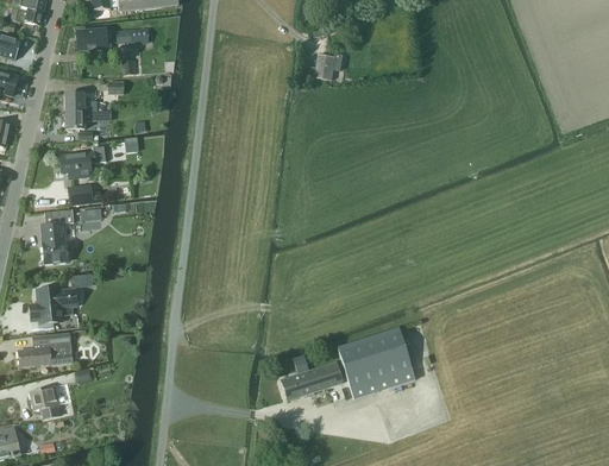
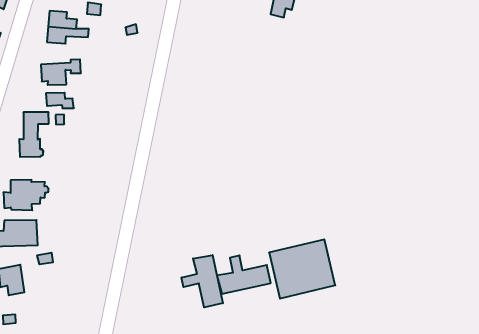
building: none -> [182,255,223,307]

